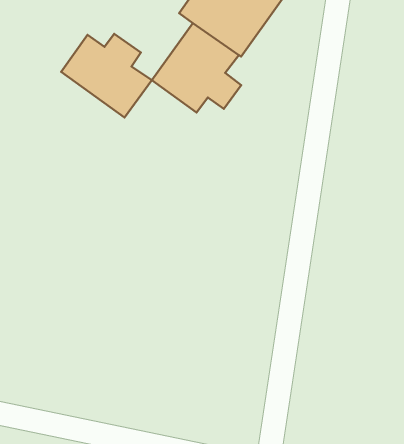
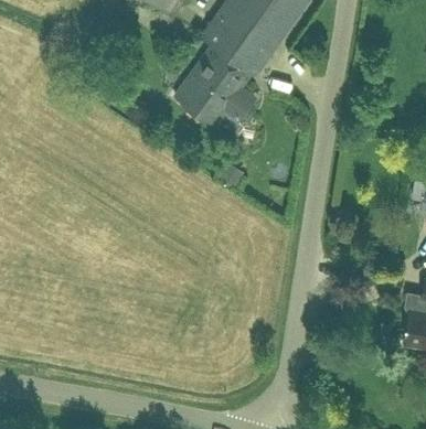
building: [61,34,152,117] -> none

